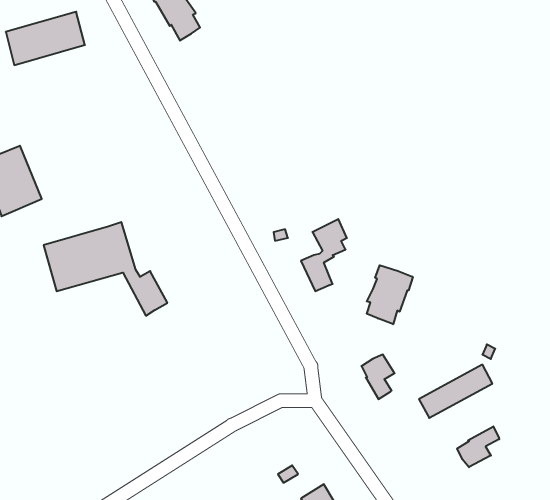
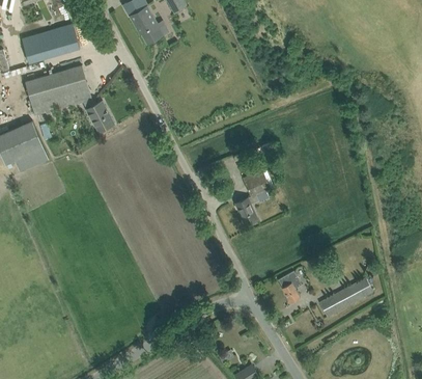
building: [44,222,167,316] -> [25,64,114,132]
building: [367,265,413,324] -> none
building: [457,426,499,467] -> none

